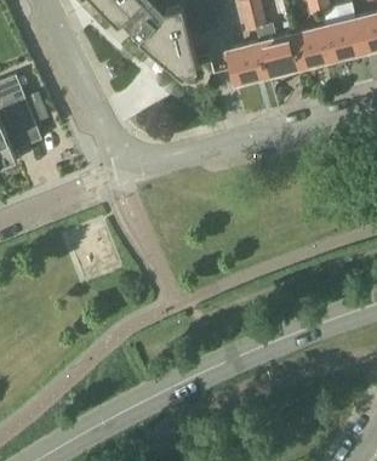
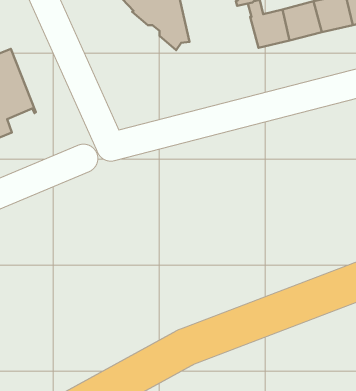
building: [225,44,267,84] -> none

